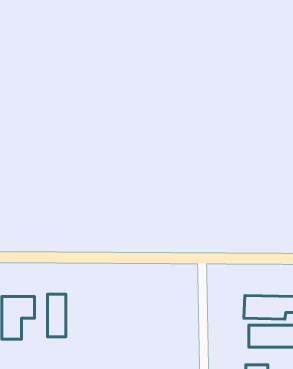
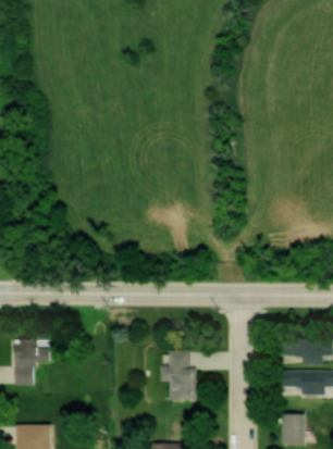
building: [47,294,66,337] -> none
building: none -> [160,350,197,401]

